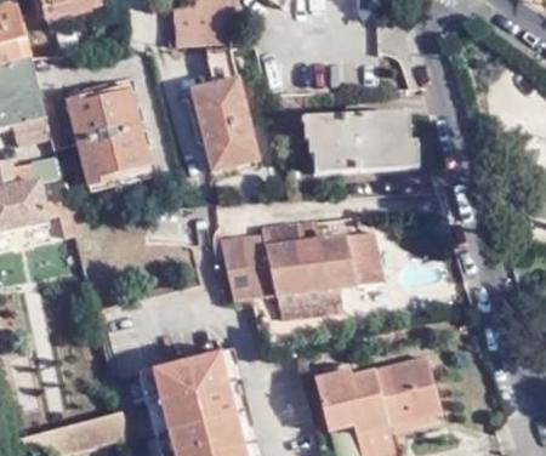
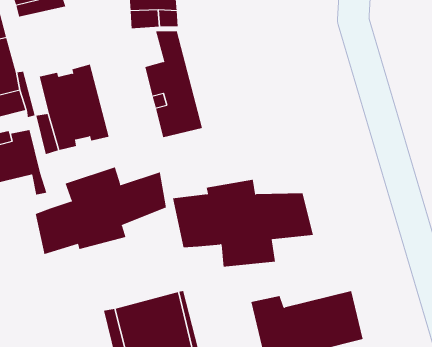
building: [272,114,403,169] -> none
building: none -> [35,167,167,255]

